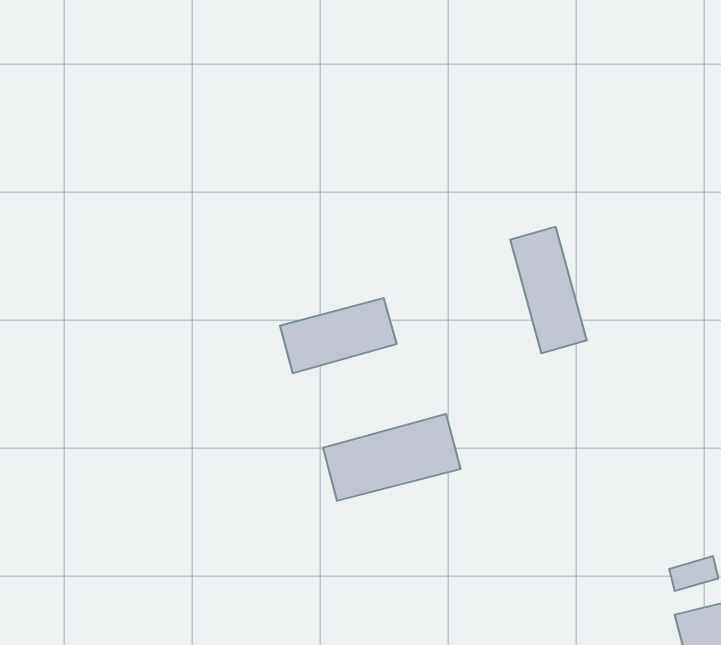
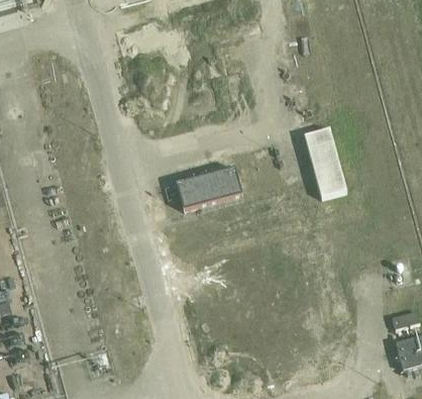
building: [323,414,461,501] -> none

